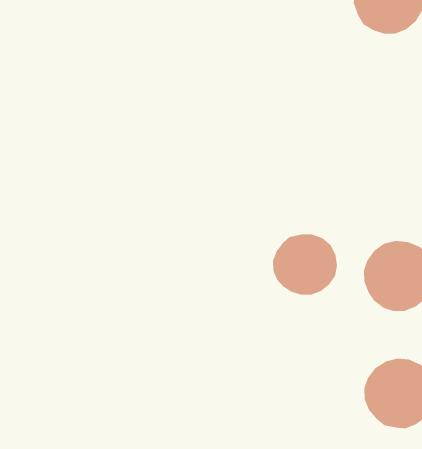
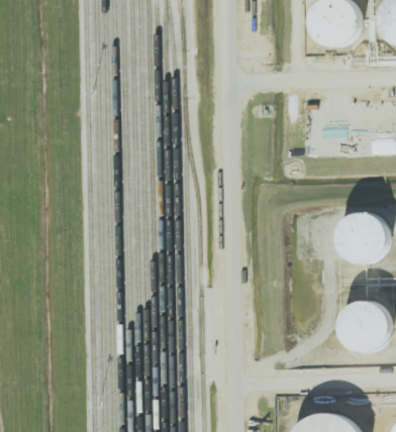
building: [272,233,338,296] -> none

